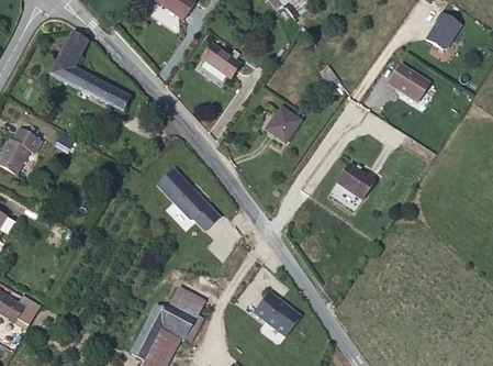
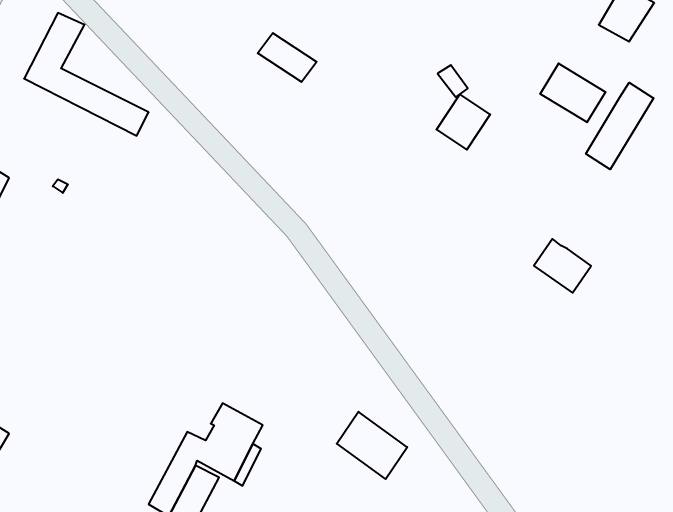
building: none -> [586,83,654,169]
building: [266,106,301,142] -> [436,94,490,150]
building: [337,163,374,198] -> [534,239,591,293]
building: [157,168,219,231] -> none

